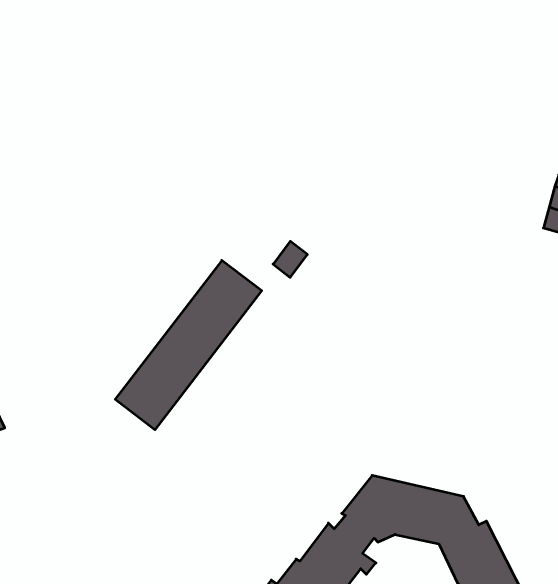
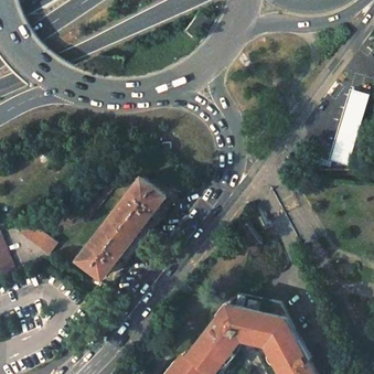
building: none -> [19,225,57,257]

